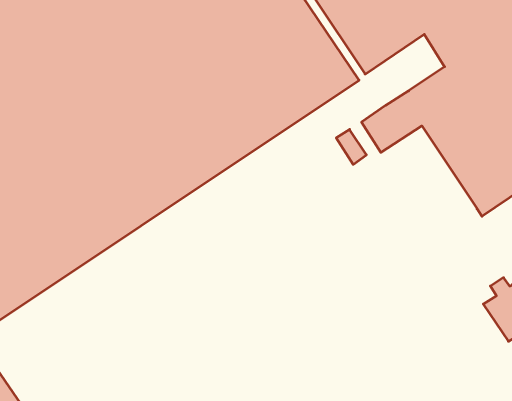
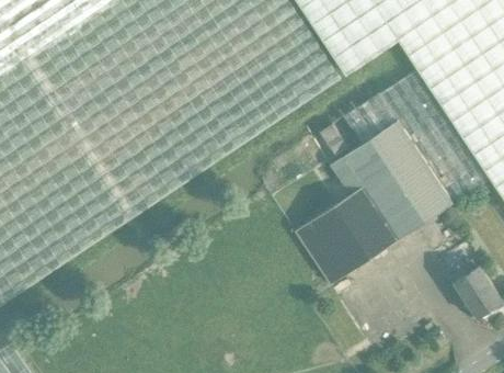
building: none -> [296,120,453,283]

